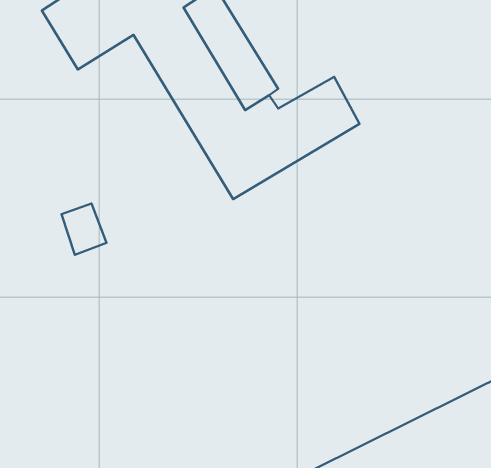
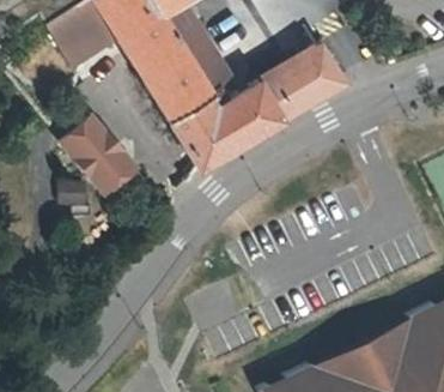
building: none -> [279,47,349,113]
building: none -> [67,121,145,204]

